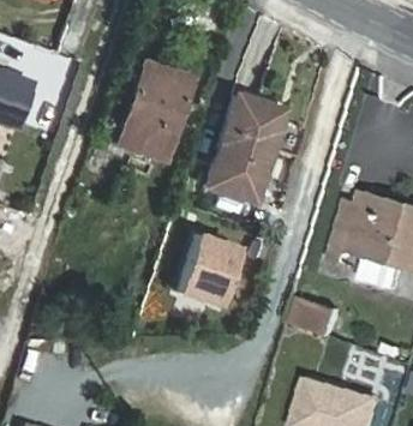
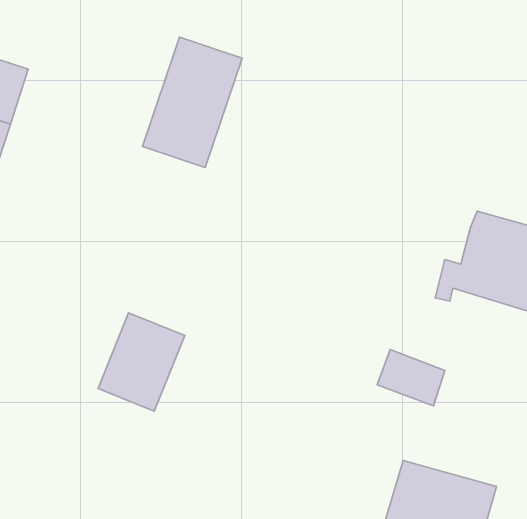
building: [206,95,283,202] -> none
building: [172,233,237,306] -> [98,313,185,411]

